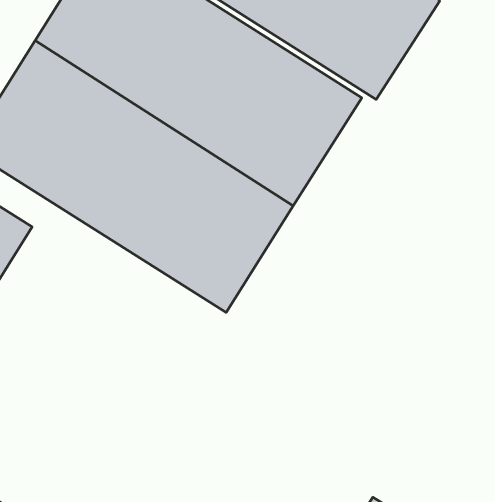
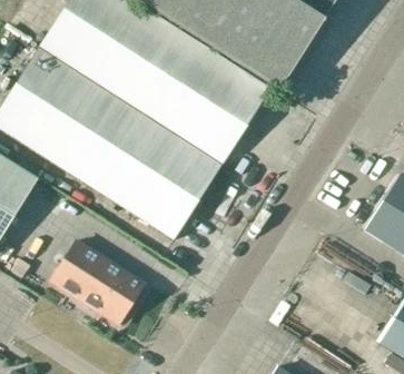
building: none -> [49,242,144,325]

